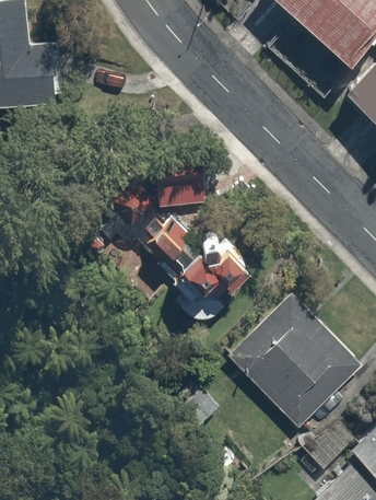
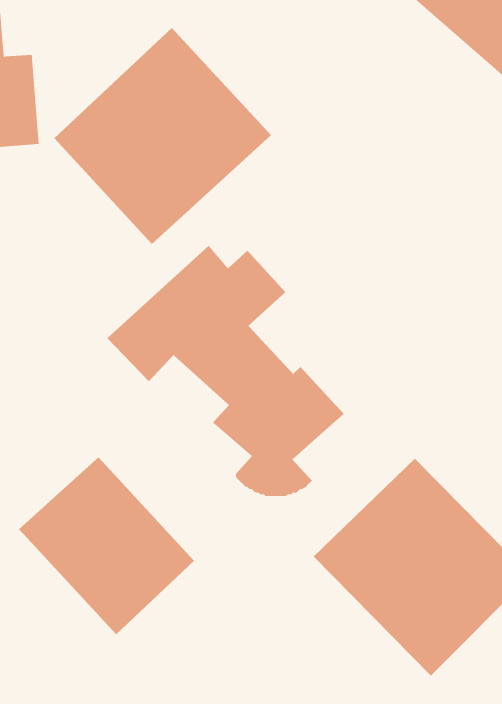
building: none -> [53,27,272,245]
building: none -> [18,456,195,635]

